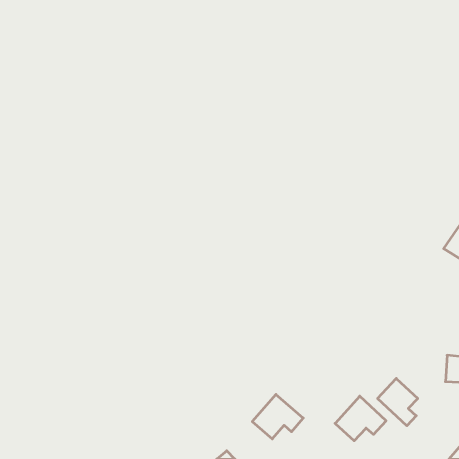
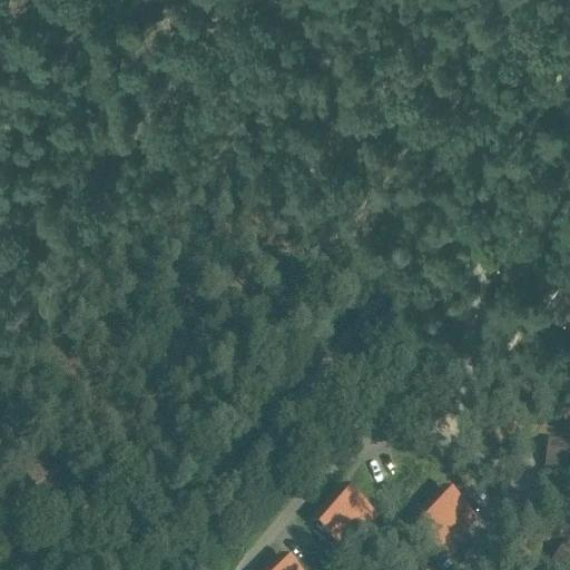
building: [378,378,418,426] -> none

